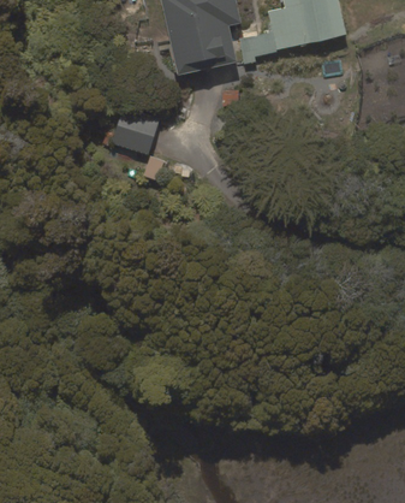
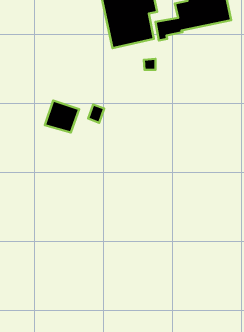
building: [109,108,159,154] -> [45,101,79,133]

